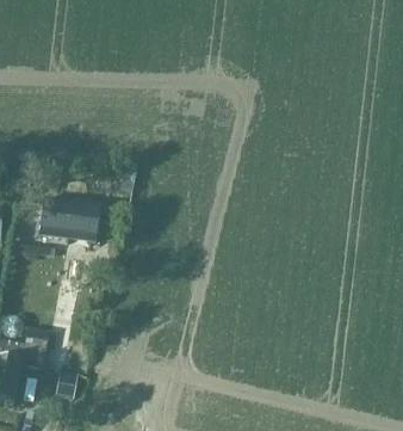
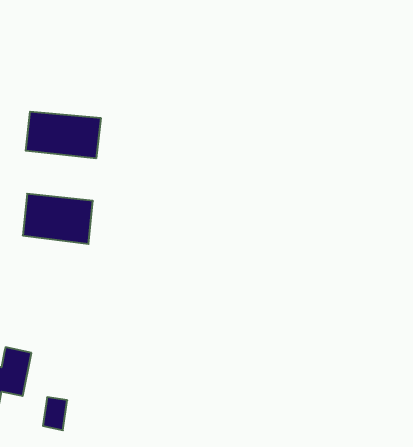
building: none -> [26,112,101,158]

